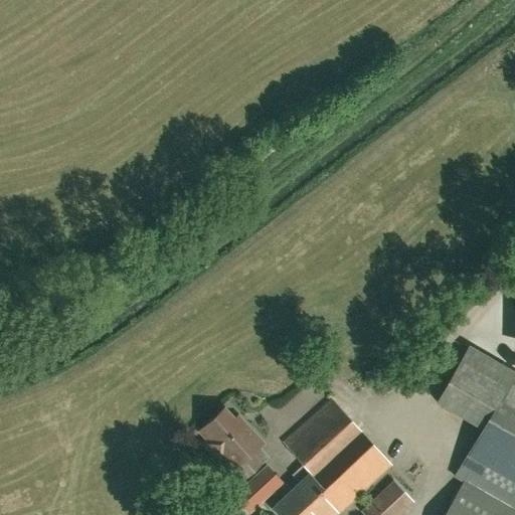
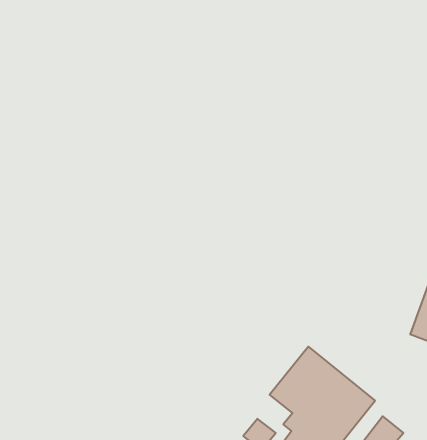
building: [201,409,264,479] -> none

